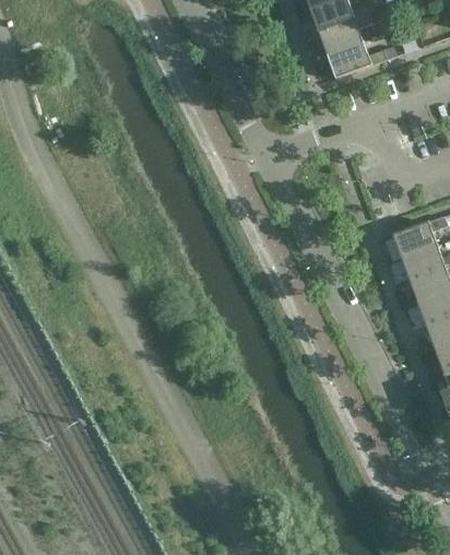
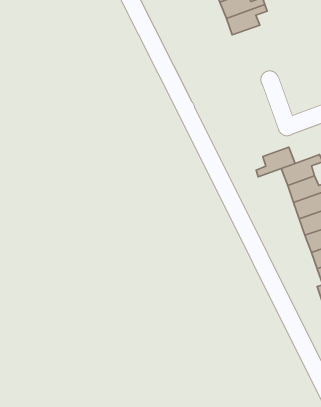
building: [325,42,386,78] -> none
building: none -> [256,147,295,177]

